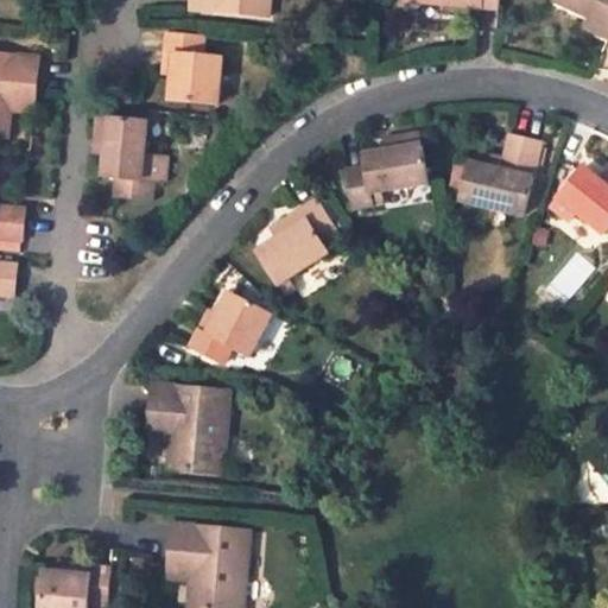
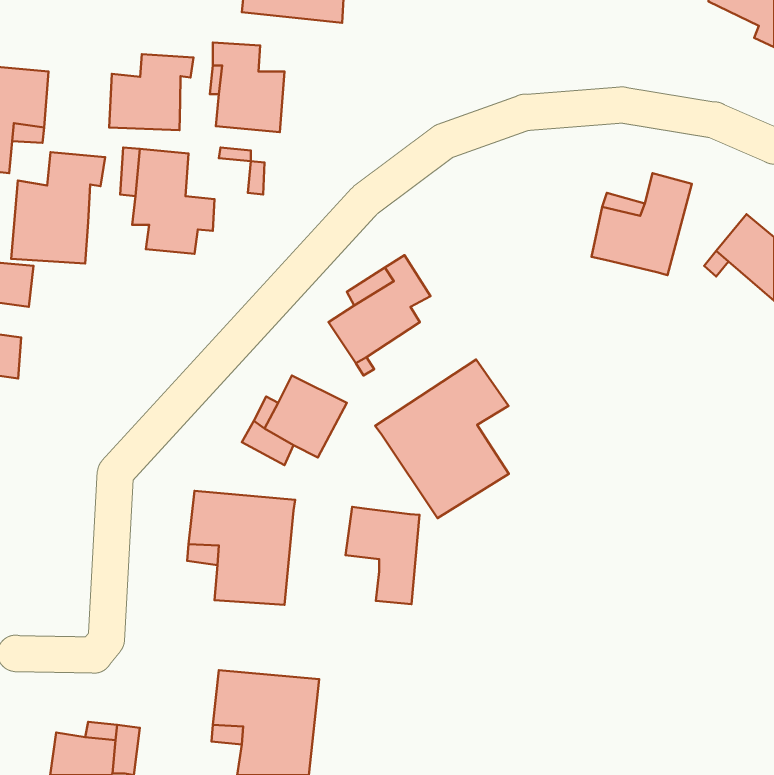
building: none -> [109,54,194,130]
building: none -> [11,152,105,263]
building: [346,132,426,209] -> none
building: none -> [375,359,509,518]
building: none -> [345,507,420,604]

